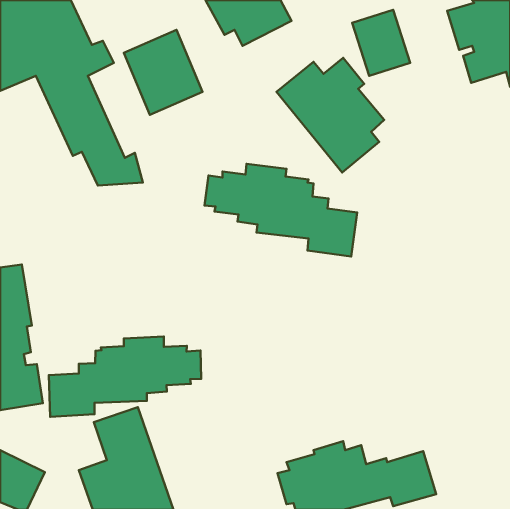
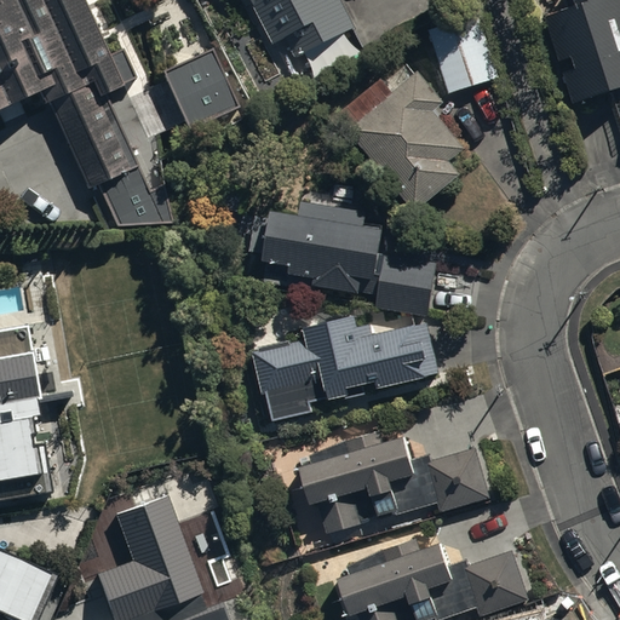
building: none -> [252,316,438,421]
building: [49,337,201,417] -> none
building: none -> [298,429,489,530]

